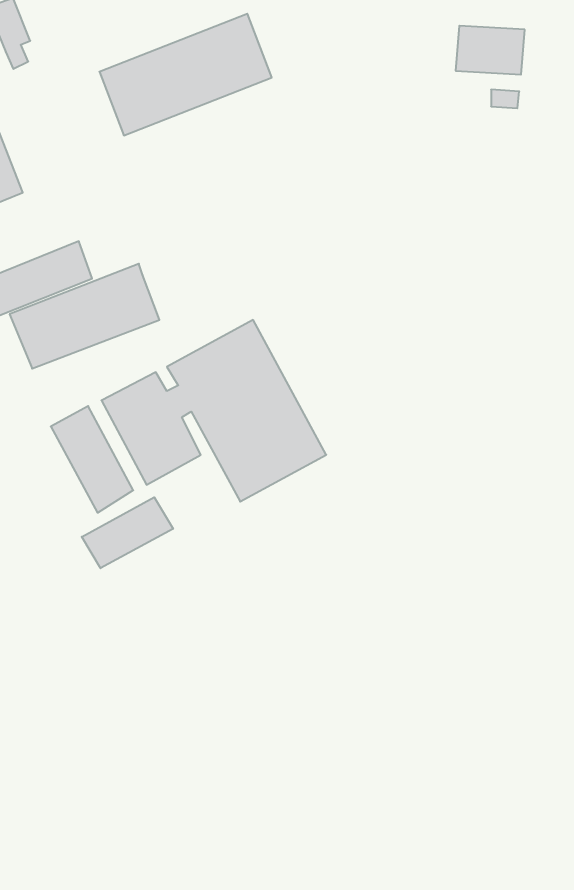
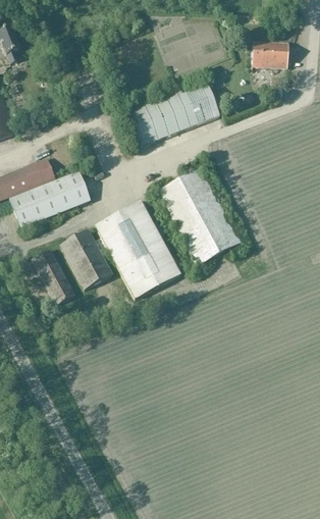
building: [99,14,272,135] -> [125,81,219,147]
building: none -> [156,168,241,265]
building: [82,497,173,568] -> none

